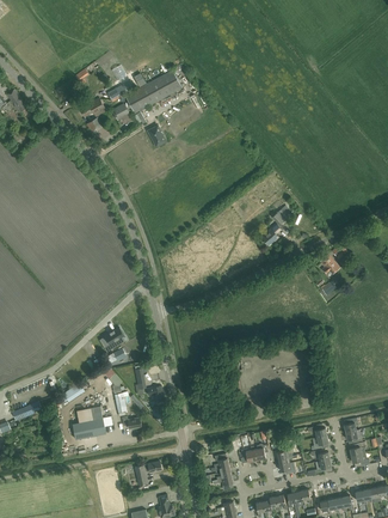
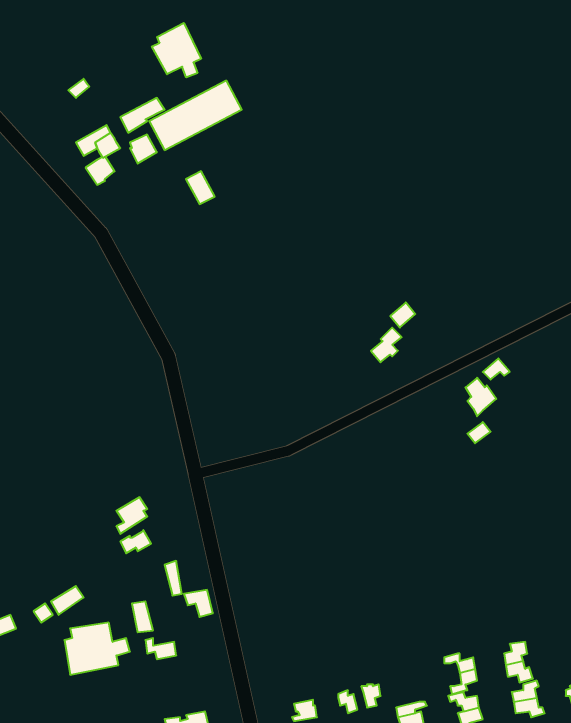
building: none -> [152,23,201,77]

